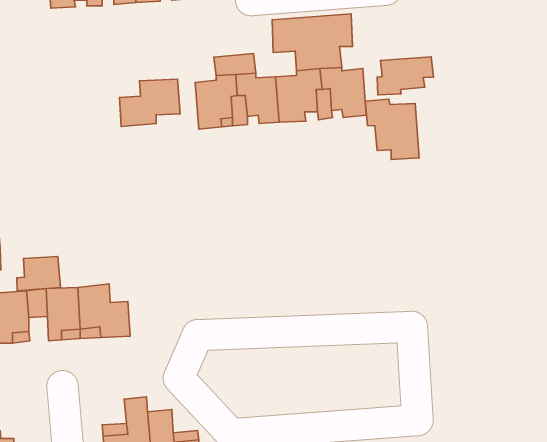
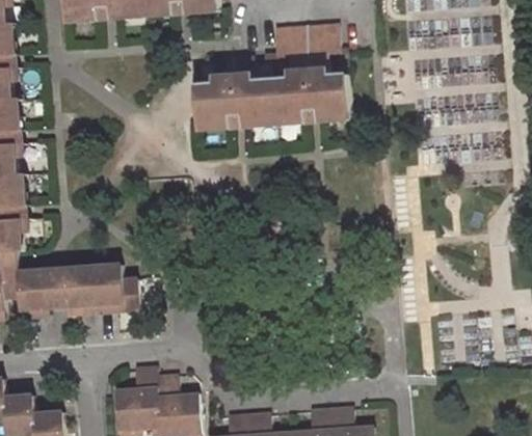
building: [377,57,434,95] -> none
building: [119,79,180,126] -> none
building: [365,99,419,159] -> none
building: [17,256,60,291] -> none

